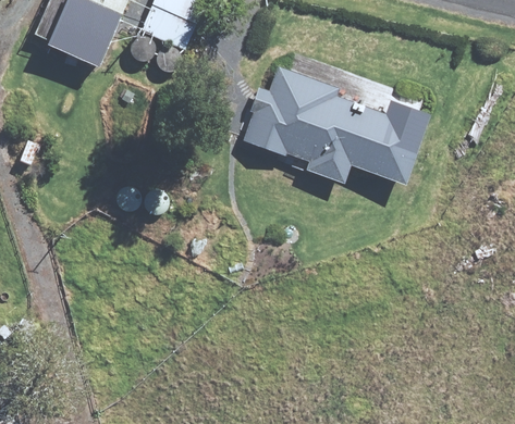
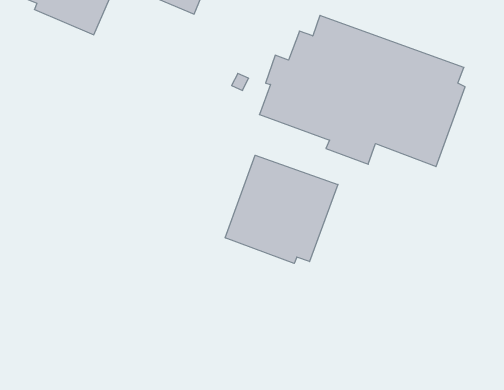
building: none -> [225,155,338,263]

